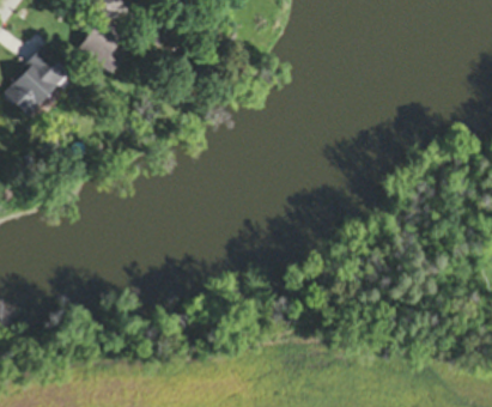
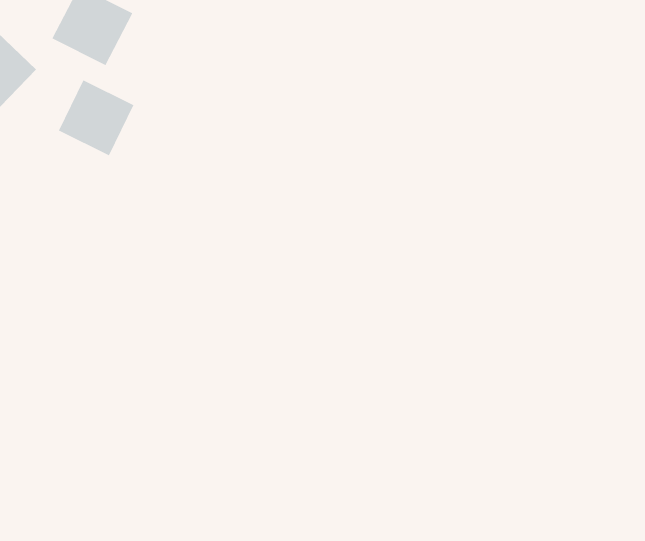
building: none -> [58,79,134,156]

